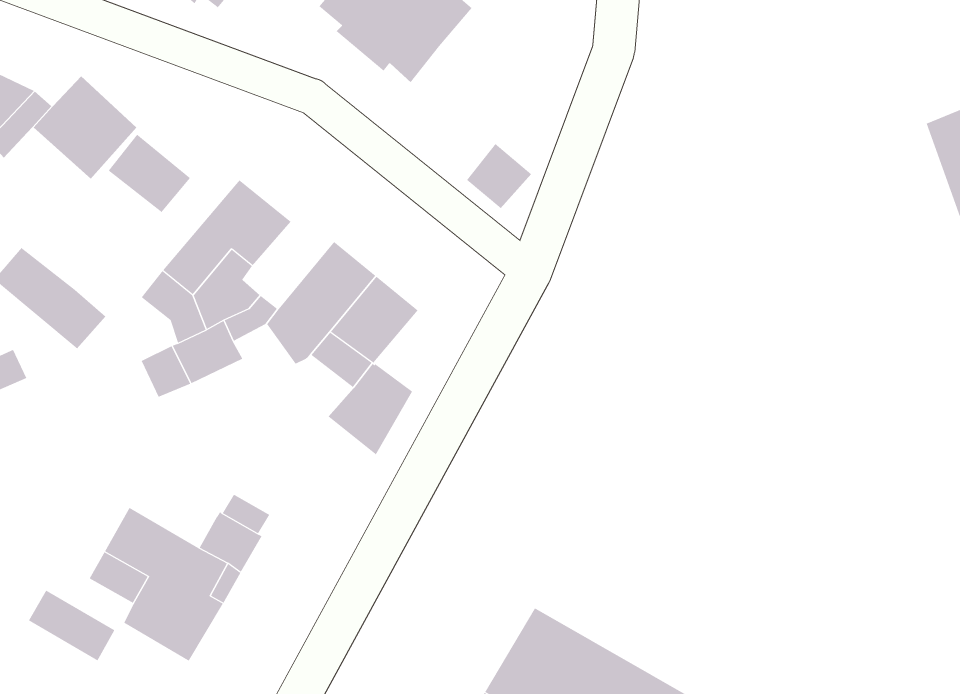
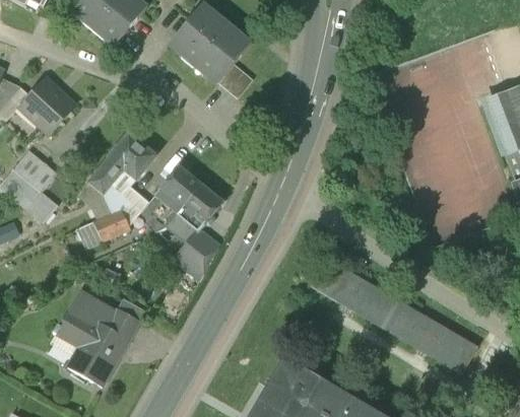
building: [108,134,191,213] -> [13,149,57,191]
building: [466,143,532,209] -> [218,63,253,97]
building: none -> [311,259,477,373]
building: [28,590,115,661] -> [70,289,116,327]

